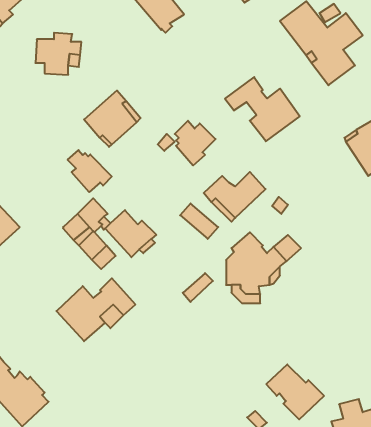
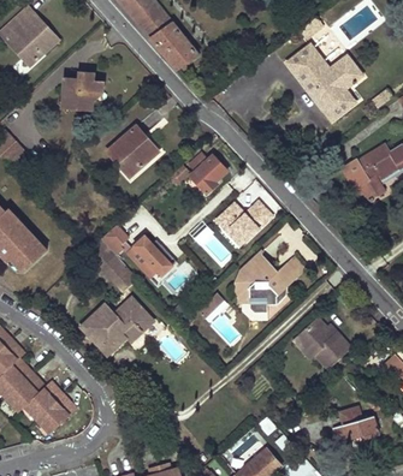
building: [225,77,300,141] -> none
building: [68,150,112,192] -> none
building: [266,364,324,419] -> [300,317,352,368]

